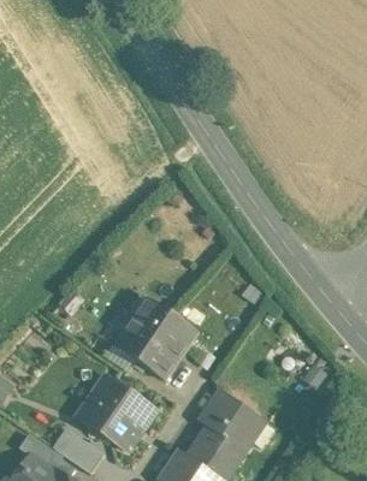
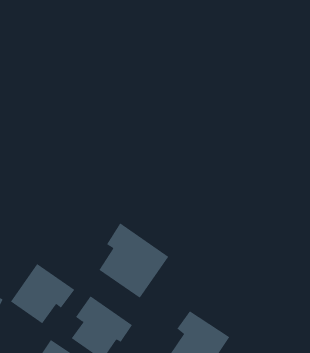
building: none -> [10,263,75,324]

